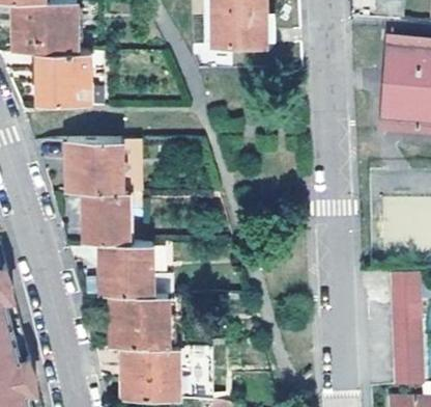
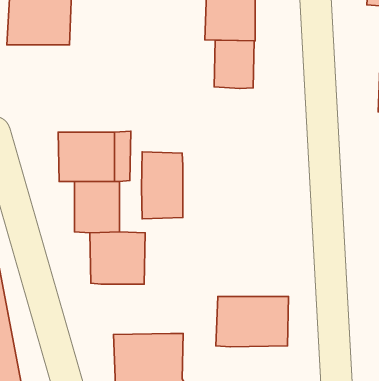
building: none -> [214,40,254,88]
building: [36,54,103,105] -> none
building: none -> [141,152,183,219]
building: [105,296,178,347] -> [216,296,289,347]

